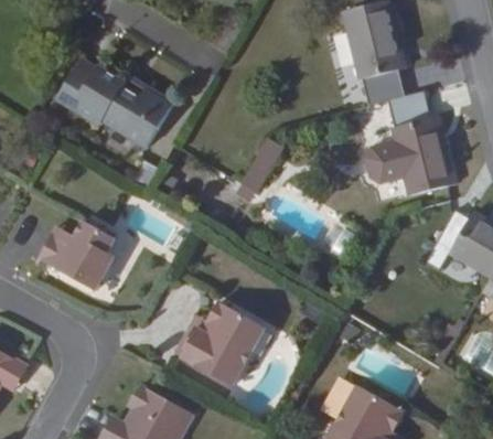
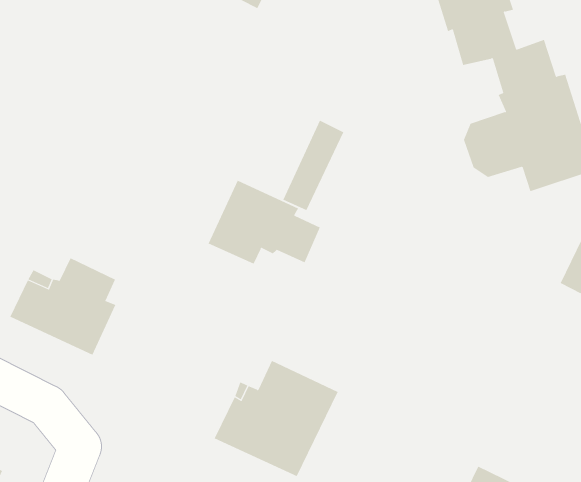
building: [60,61,176,149] -> none
building: none -> [208,180,320,265]

